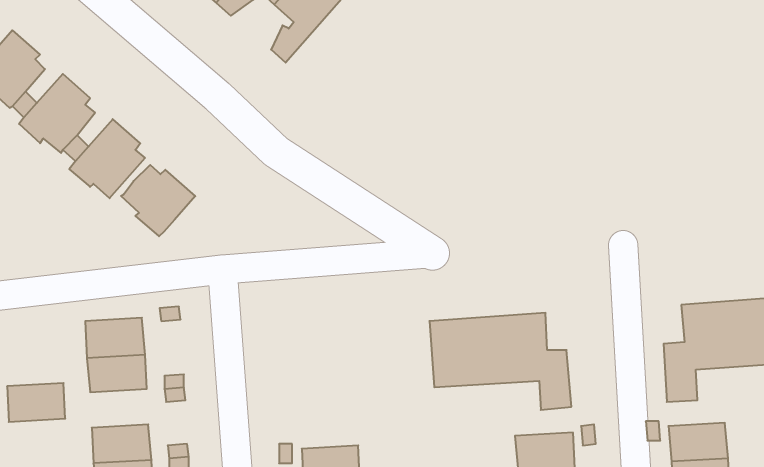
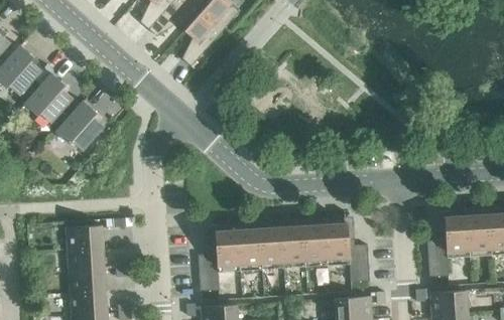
building: [121,165,195,236] -> none
building: none -> [199,226,284,291]
building: [7,383,65,422] -> [70,269,106,293]

